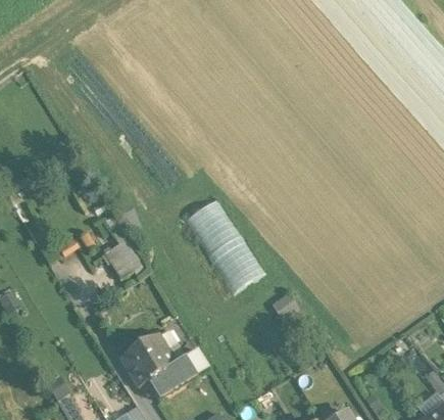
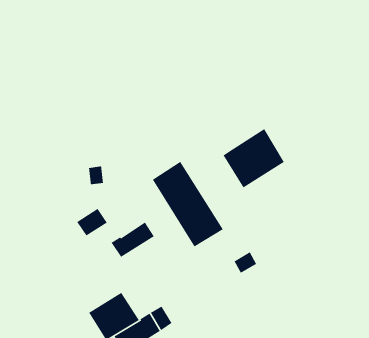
building: none -> [222,128,285,188]
building: none -> [111,222,155,258]

